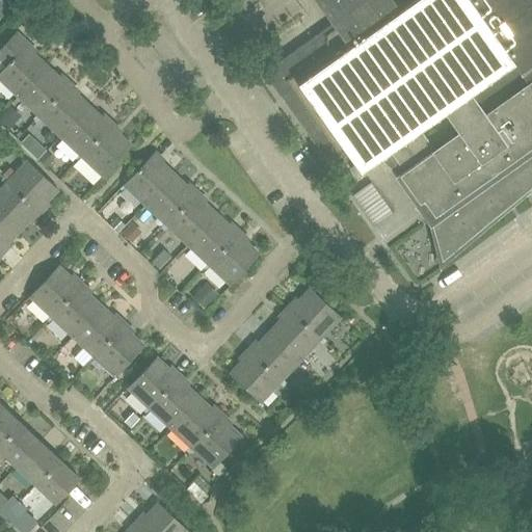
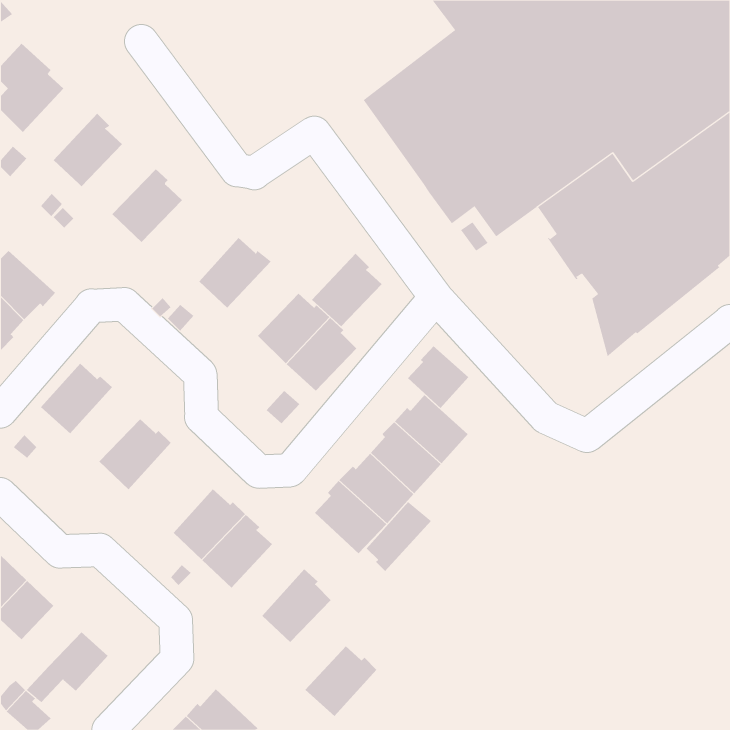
building: [17,64,71,116] -> none
building: [59,105,113,156] -> none
building: [123,150,174,205] -> none
building: [6,160,58,213] -> none
building: [165,190,217,244] -> [311,253,383,327]
building: none -> [407,346,469,409]
building: [51,282,102,336] -> none
building: [94,322,144,376] -> none
building: none -> [366,501,432,572]
building: [168,396,221,448] -> [304,646,377,717]
building: [16,441,59,484] -> none

